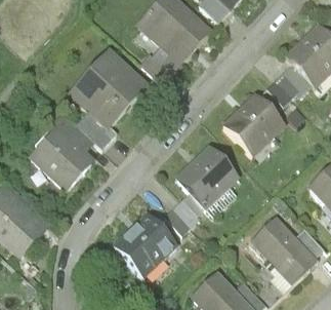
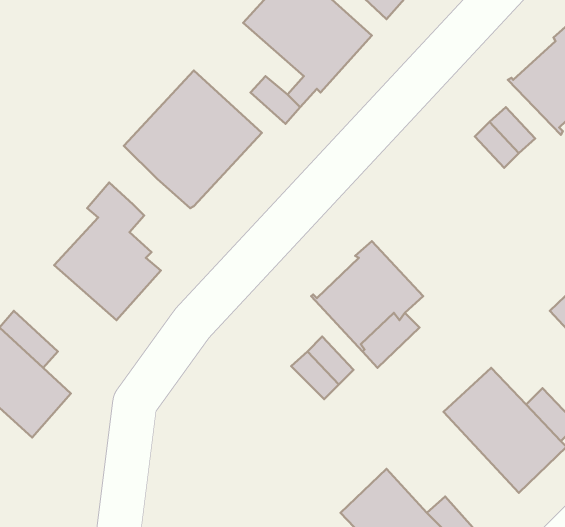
building: [223,92,284,153] -> none
building: [76,110,118,149] -> none
building: [115,214,176,275] -> none

